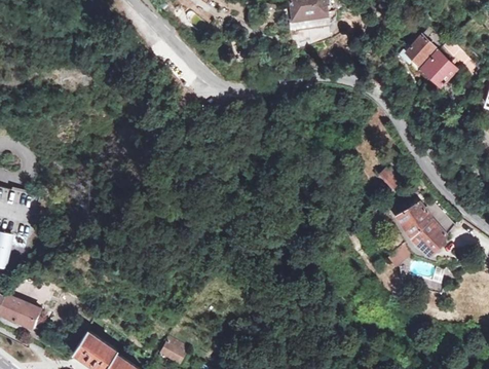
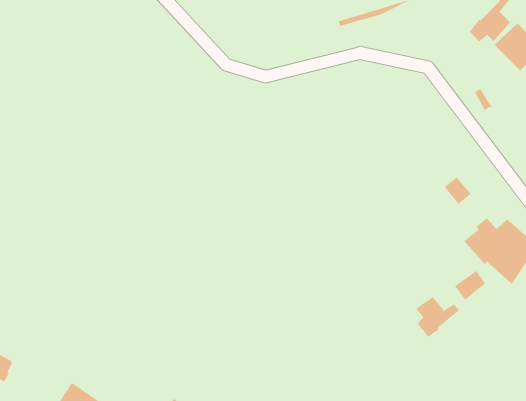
building: none -> [416,296,460,337]

